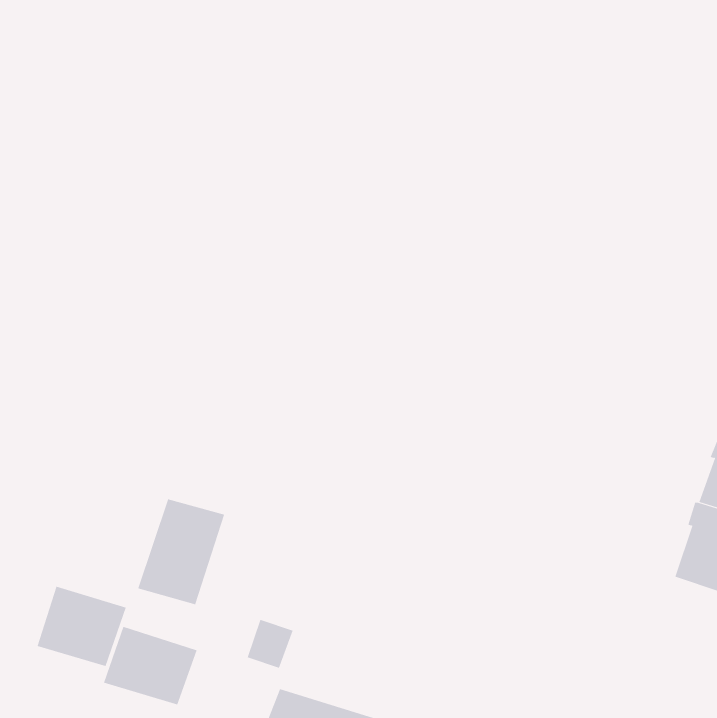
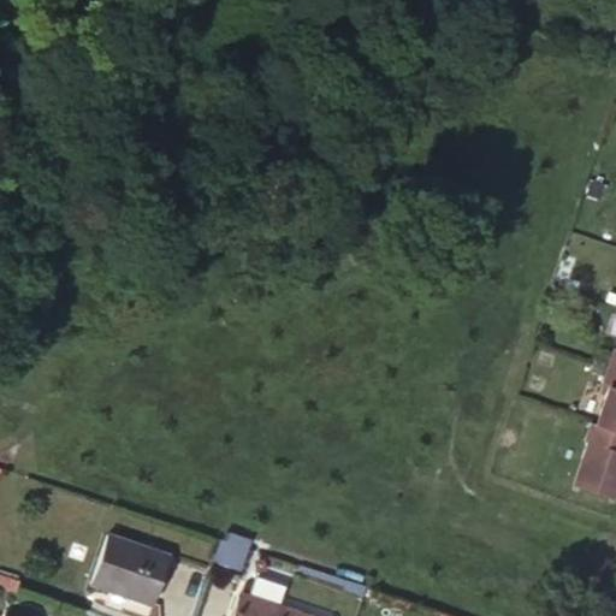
building: [137,498,225,605] -> none
building: [37,586,127,667] -> none

